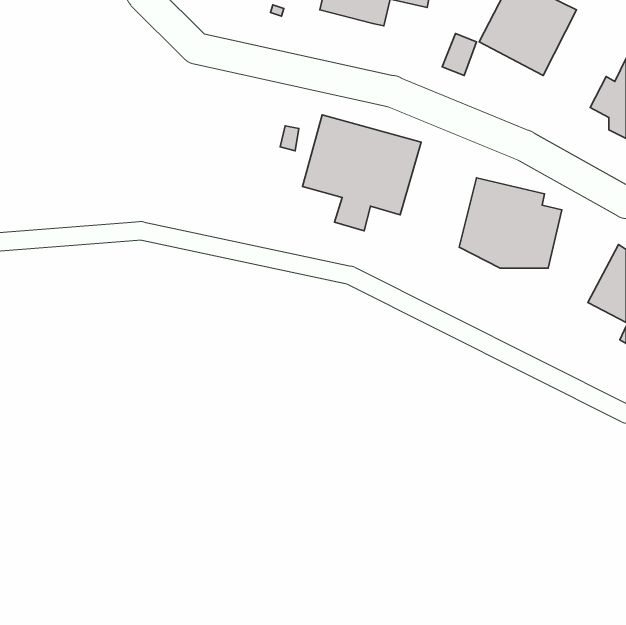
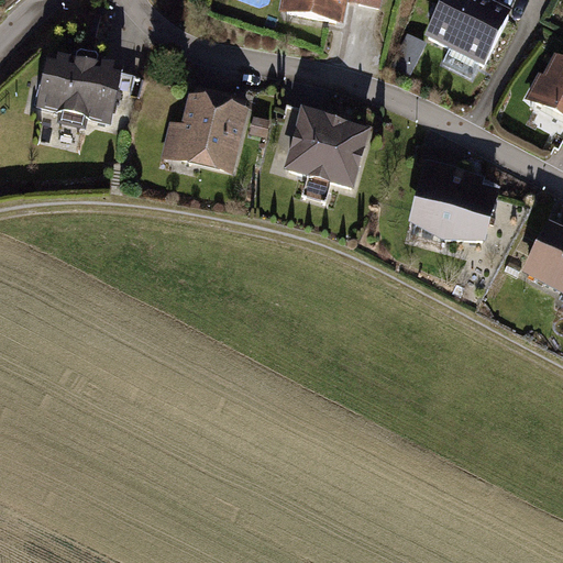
building: none -> [36,44,125,129]
building: none -> [159,89,249,176]

